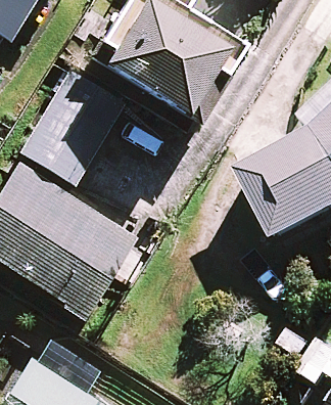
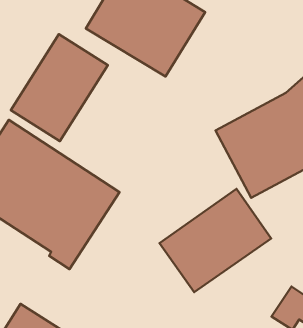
building: none -> [159,189,271,292]

